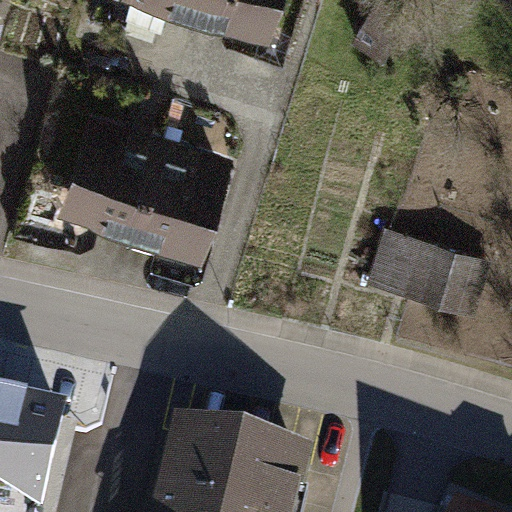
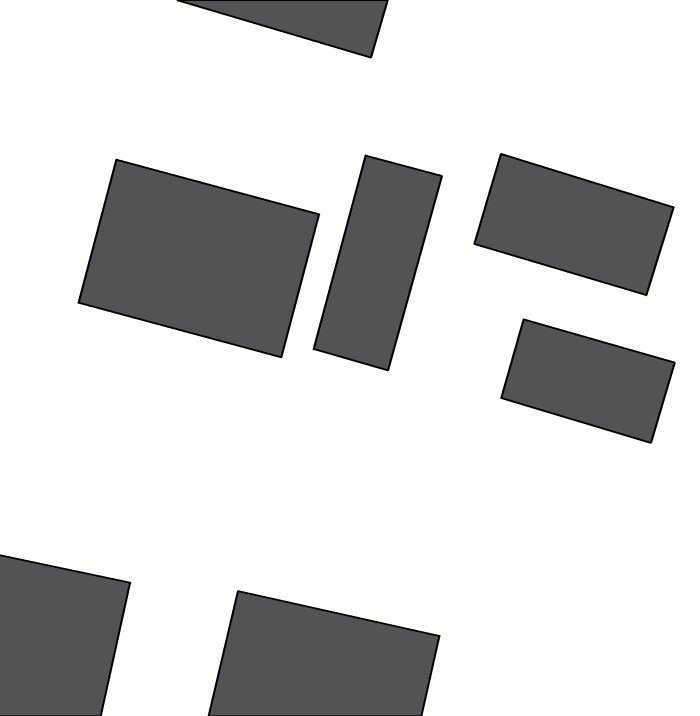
building: none -> [474,154,674,295]
building: none -> [314,155,442,370]

